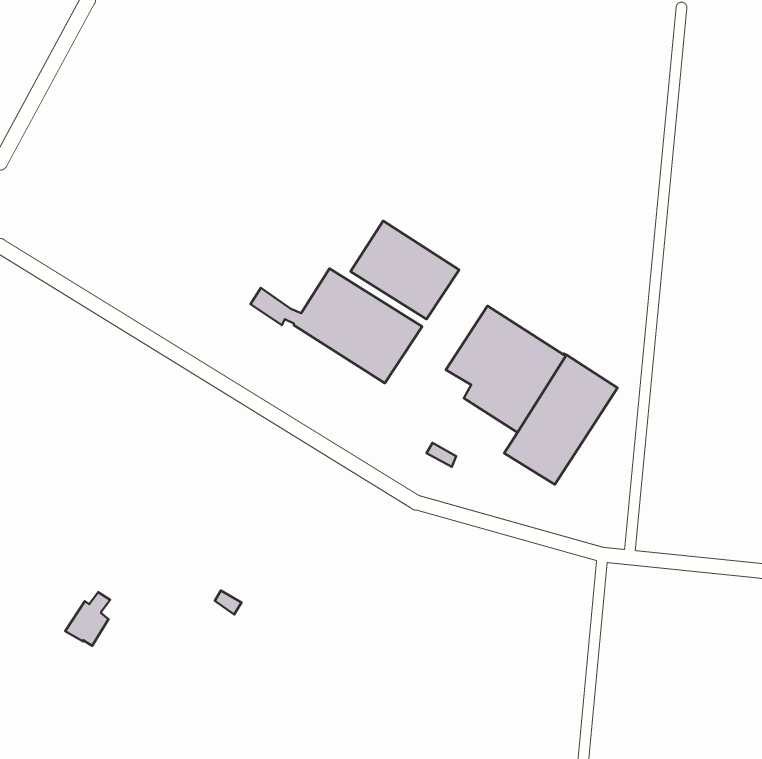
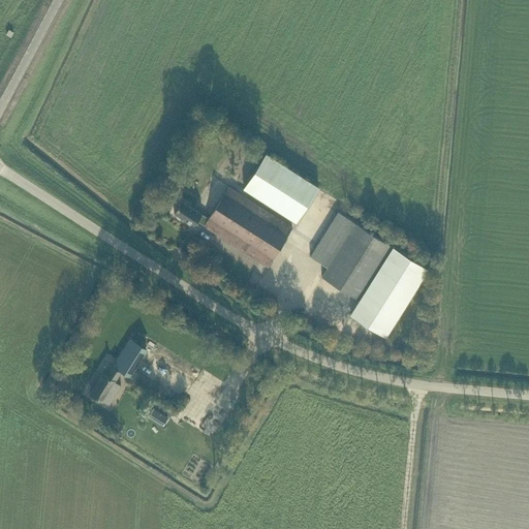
building: none -> [118,341,146,372]
building: [65,592,110,646] -> [90,369,121,406]

